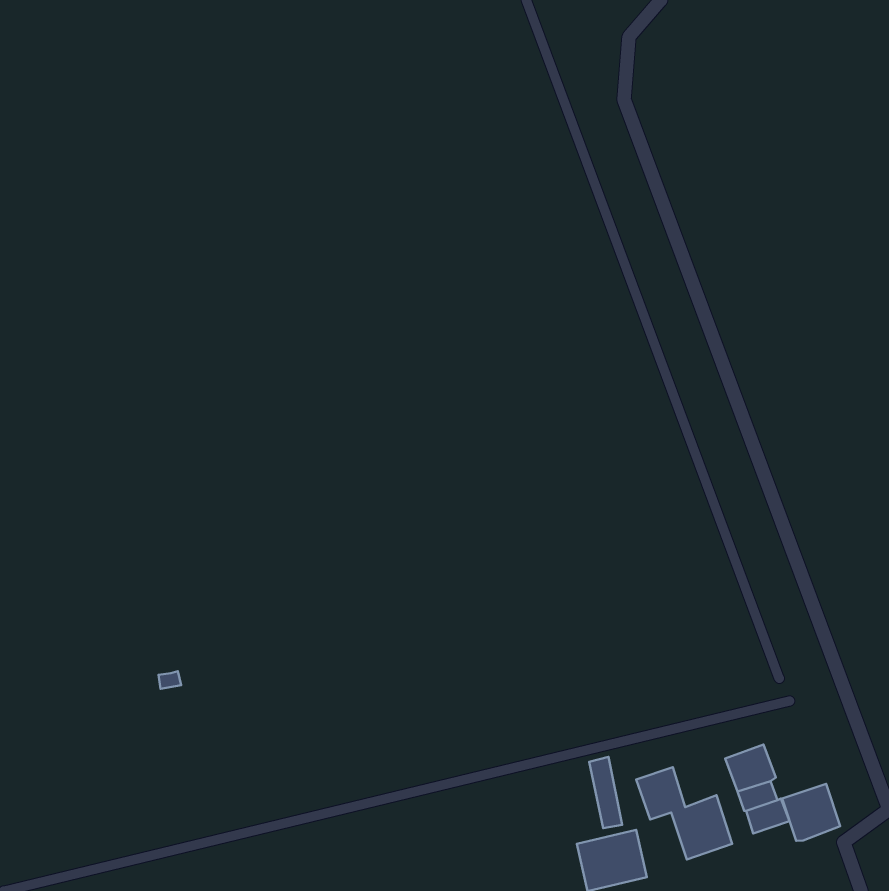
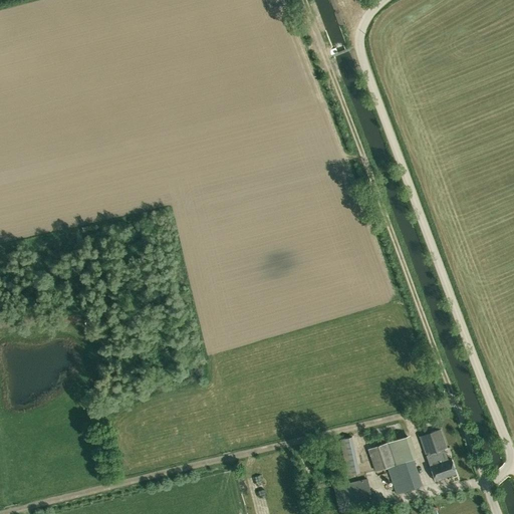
building: none -> [388,436,414,465]
building: [782,784,840,841] -> none

